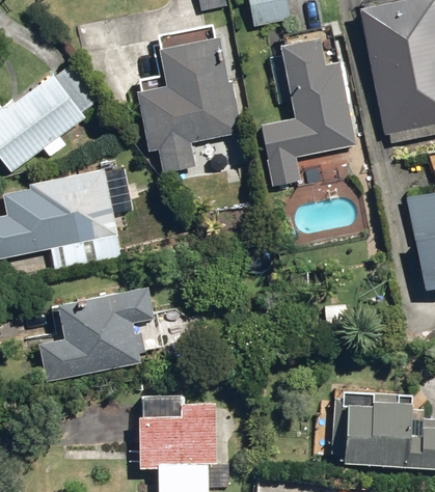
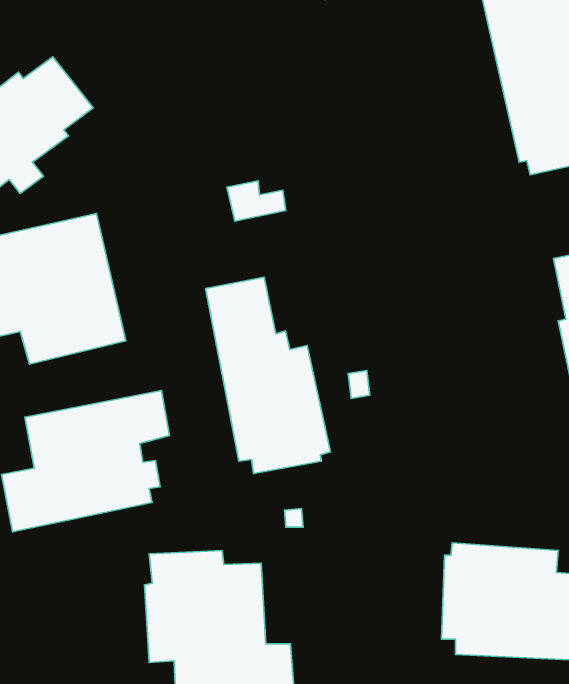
building: [135,36,242,153] -> none
building: [259,36,357,186] -> none
building: none -> [205,277,330,474]

